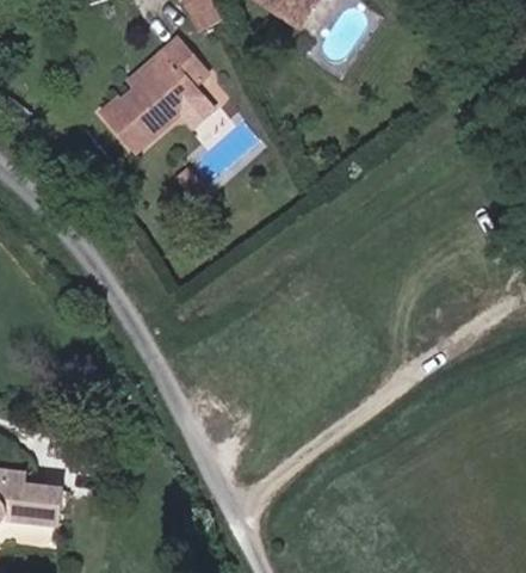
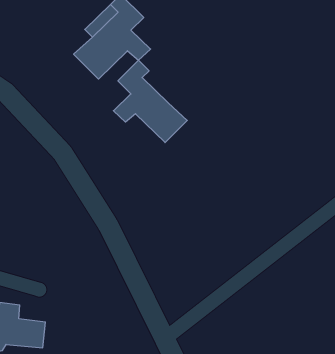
building: none -> [113,60,187,143]

